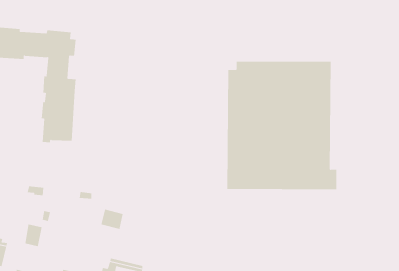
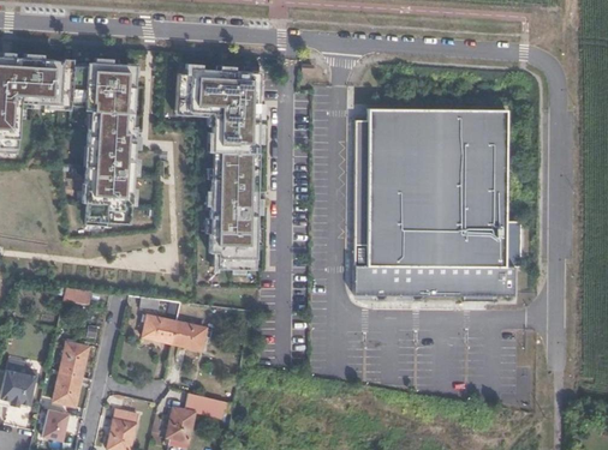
building: none -> [177,68,260,270]
building: none -> [141,301,181,344]
building: none -> [53,372,81,406]

